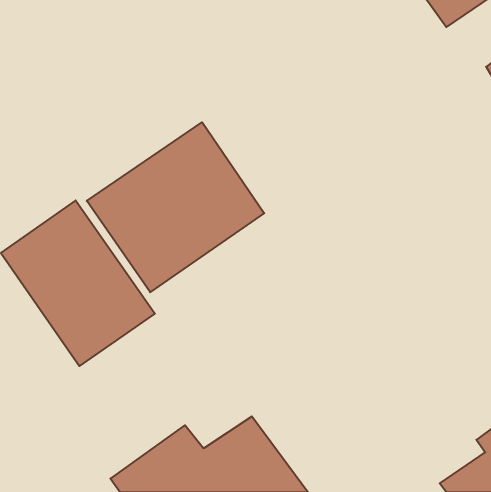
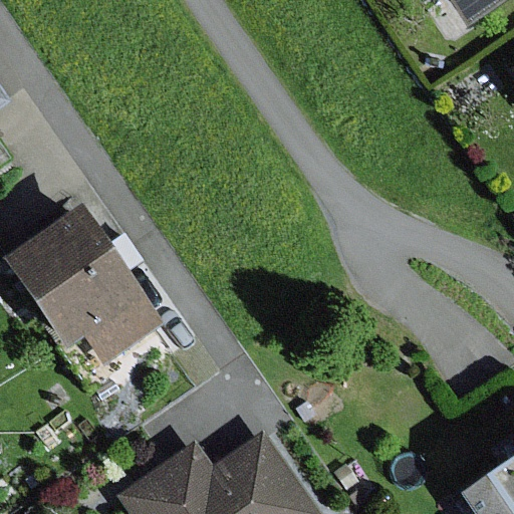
building: [87,122,264,292] -> none

